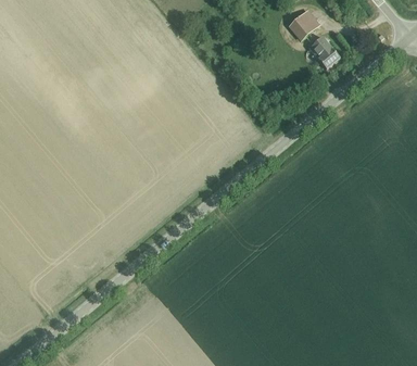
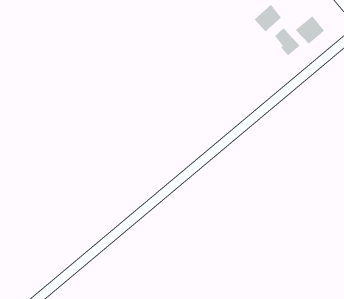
building: none -> [295,15,325,45]

